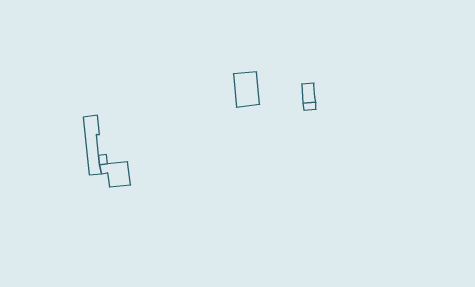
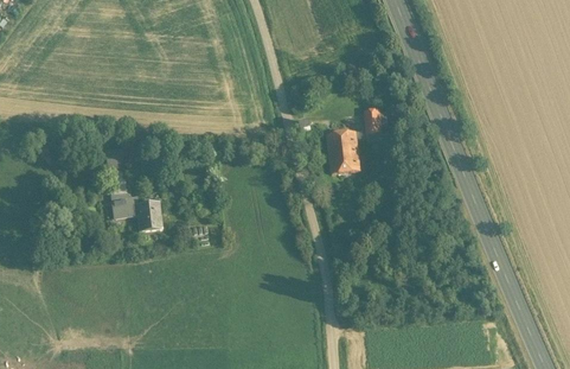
building: [233,72,260,107] -> [328,132,359,173]

